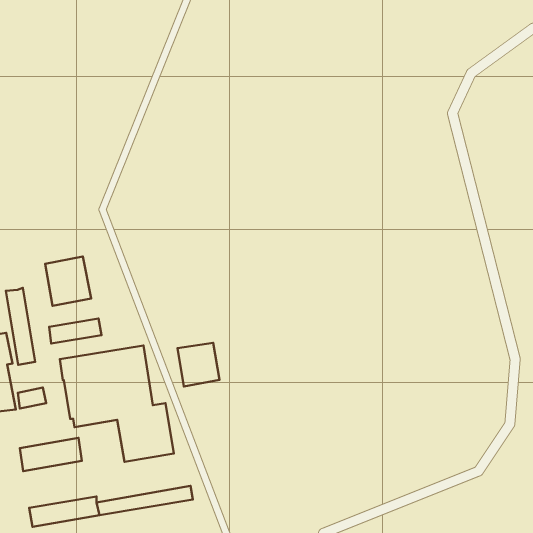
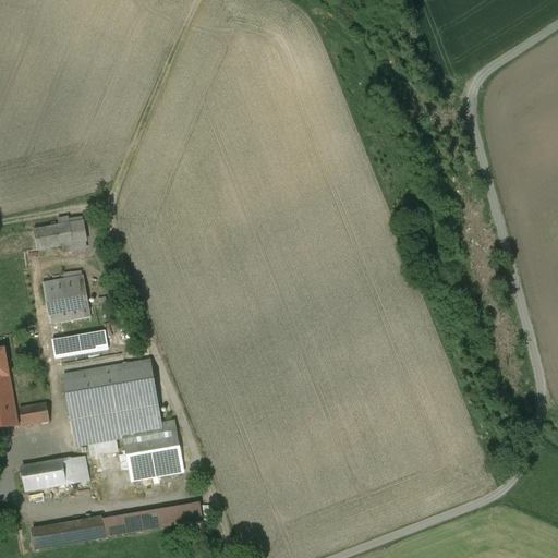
building: none -> [35,215,77,245]
building: [6,288,35,365] -> none
building: [177,343,219,386] -> none

